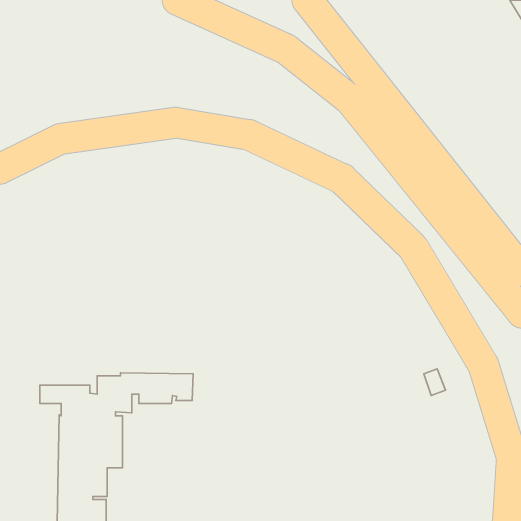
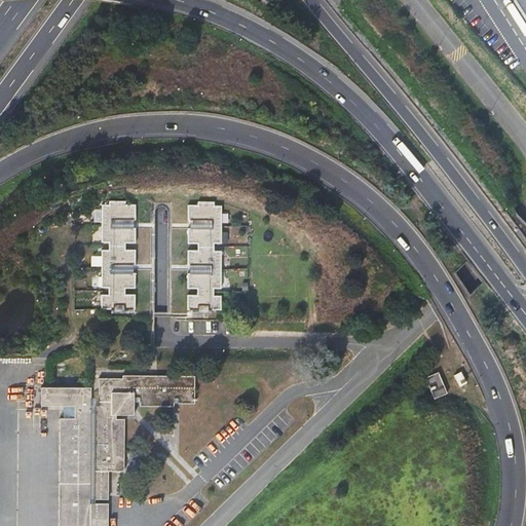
building: none -> [101,201,136,313]
building: none -> [187,203,222,314]

